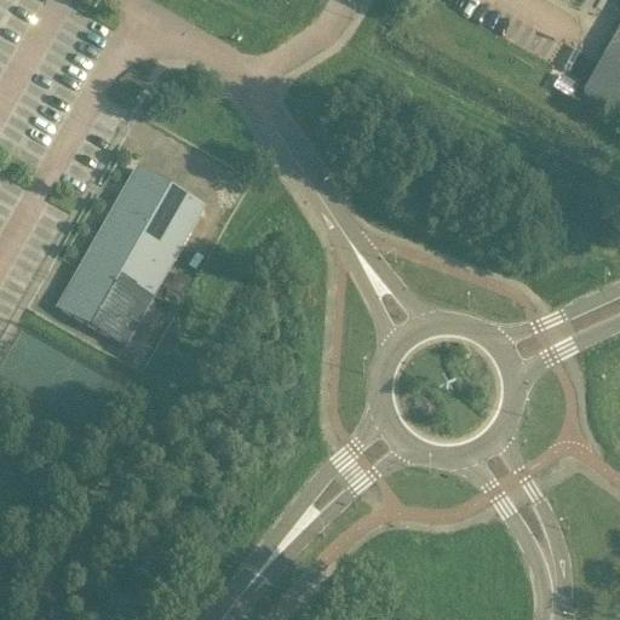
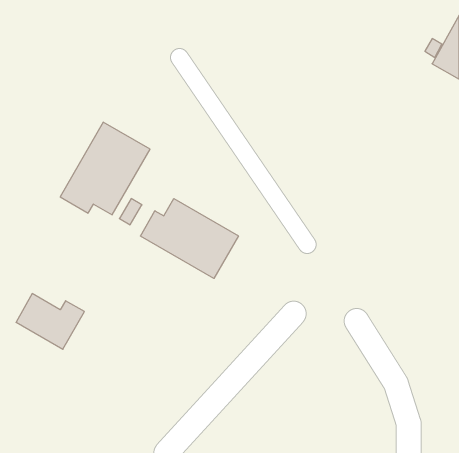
building: [59,265,151,340] -> [16,294,84,349]
building: none -> [140,199,238,278]

